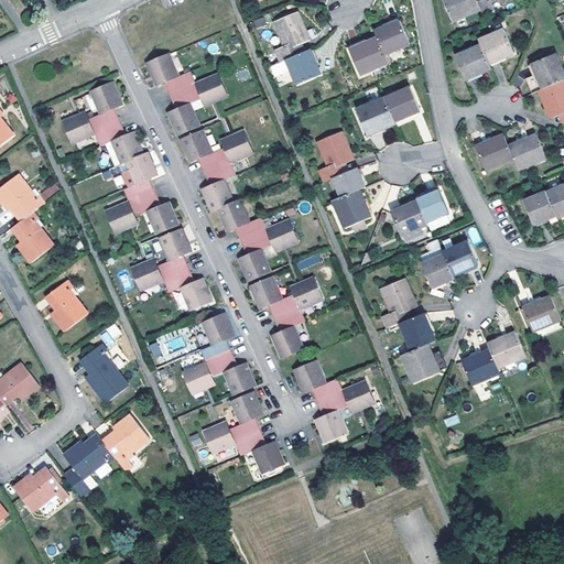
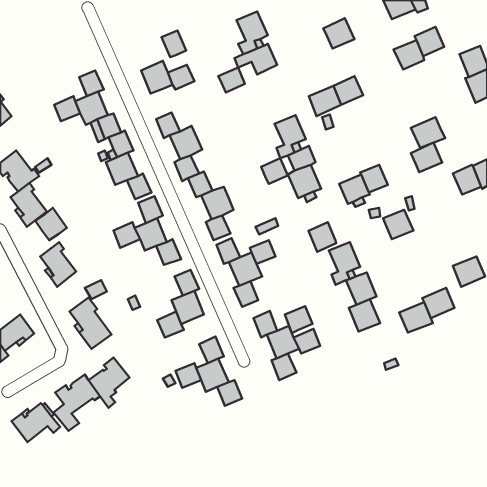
building: [349,39,388,76] -> none
building: [147,53,175,84] -> [161,31,186,57]
building: [167,104,196,133] -> none
building: [219,131,250,160] -> [218,68,245,92]
building: [509,135,545,170] -> [411,143,442,172]
building: [106,200,137,229] -> none
building: [264,219,295,249] -> [261,158,288,184]
building: none -> [35,208,67,240]
building: [422,256,454,290] -> [309,222,336,252]
building: none -> [285,306,313,333]
building: [223,361,251,391] -> none

